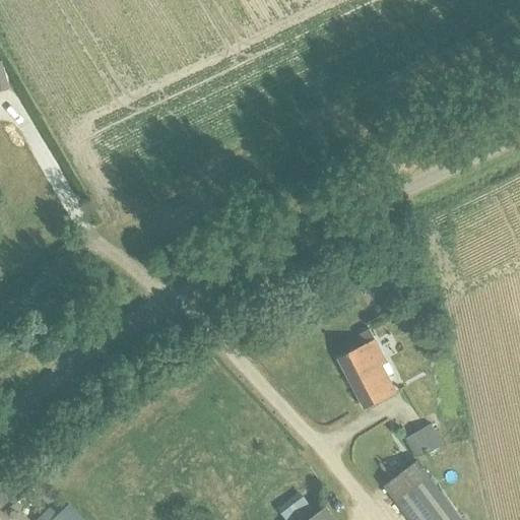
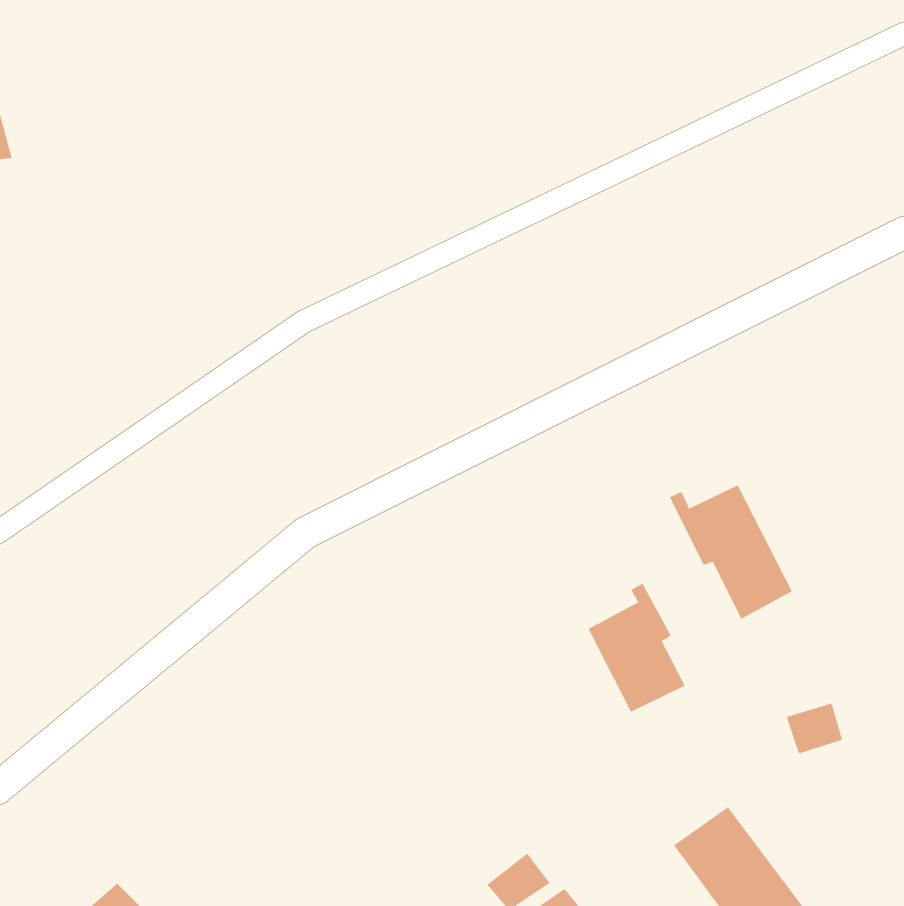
building: none -> [669,485,792,620]
building: [410,424,443,453] -> [786,703,843,754]

